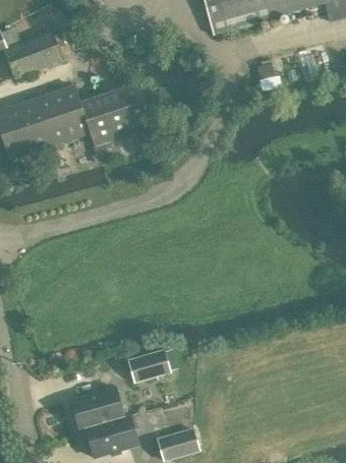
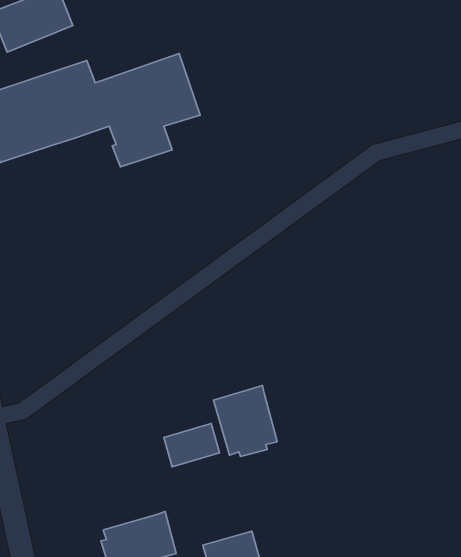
building: none -> [213,385,277,457]
building: [68,386,124,428] -> none

